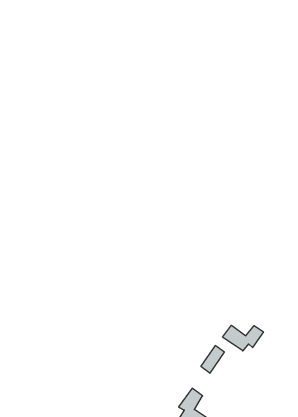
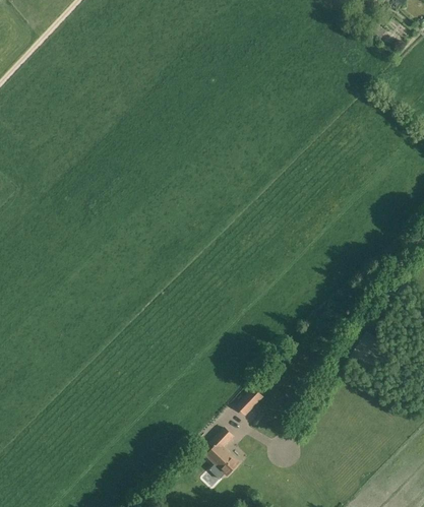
building: [223,325,263,351] -> none

